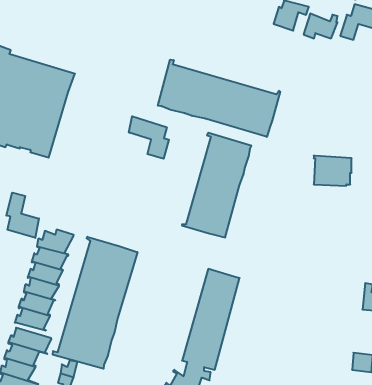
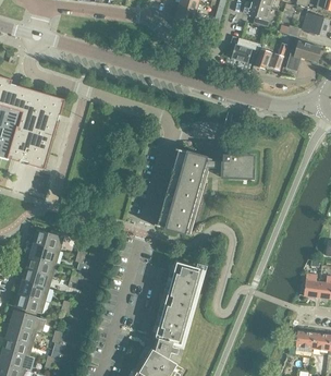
building: [158,60,280,137] -> none
building: [129,116,169,159] -> none
building: [314,156,352,186] -> [222,154,254,179]
building: [6,193,39,238] -> none
building: [53,237,137,369] -> none

